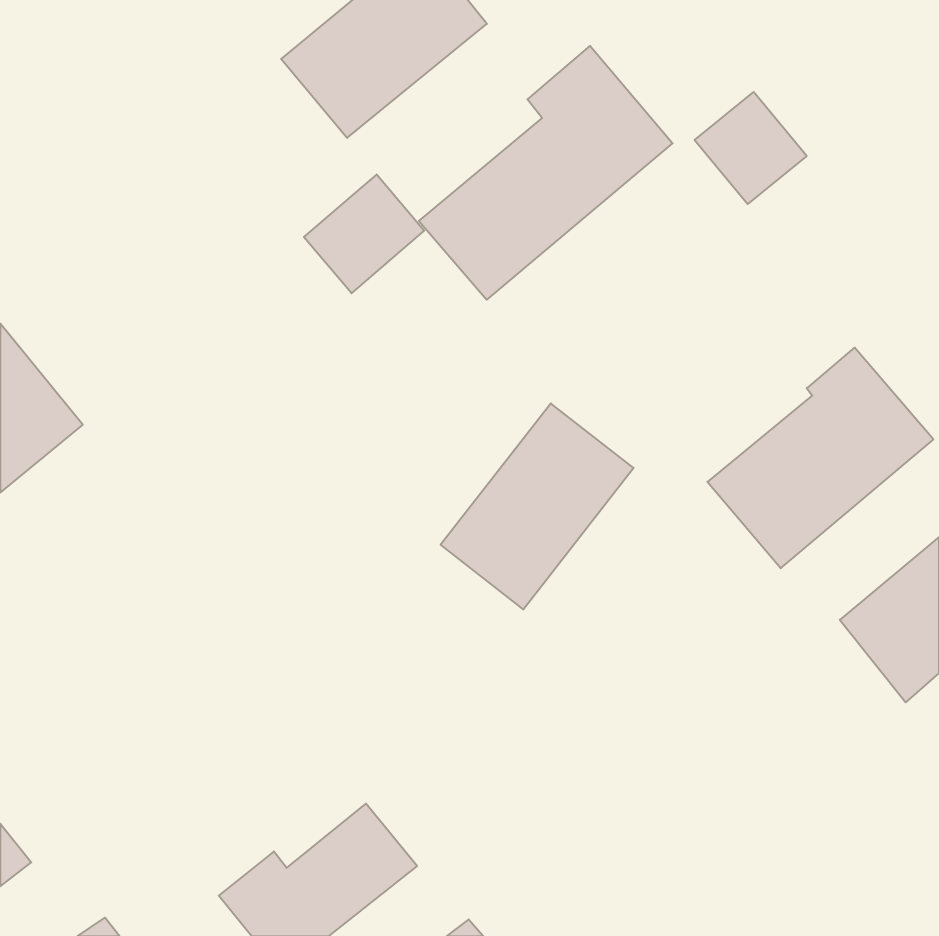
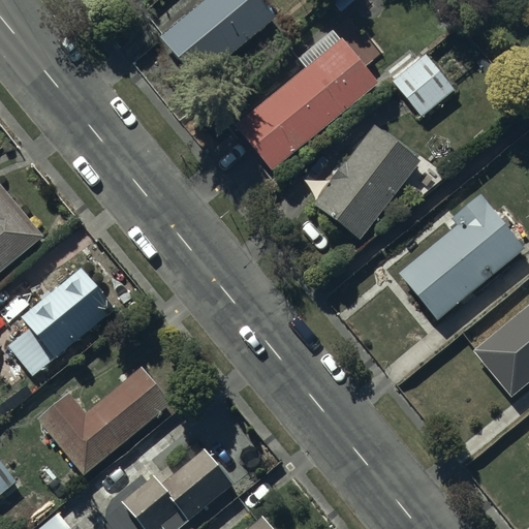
building: [304,174,424,293] -> none
building: [441,403,634,609] -> [312,121,421,237]
building: none -> [8,270,116,379]
building: none -> [38,370,174,479]

